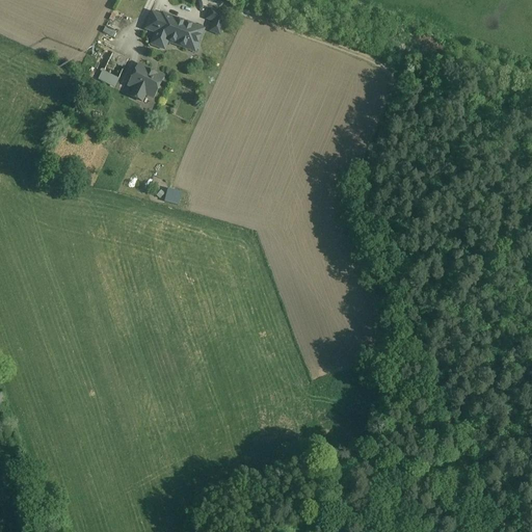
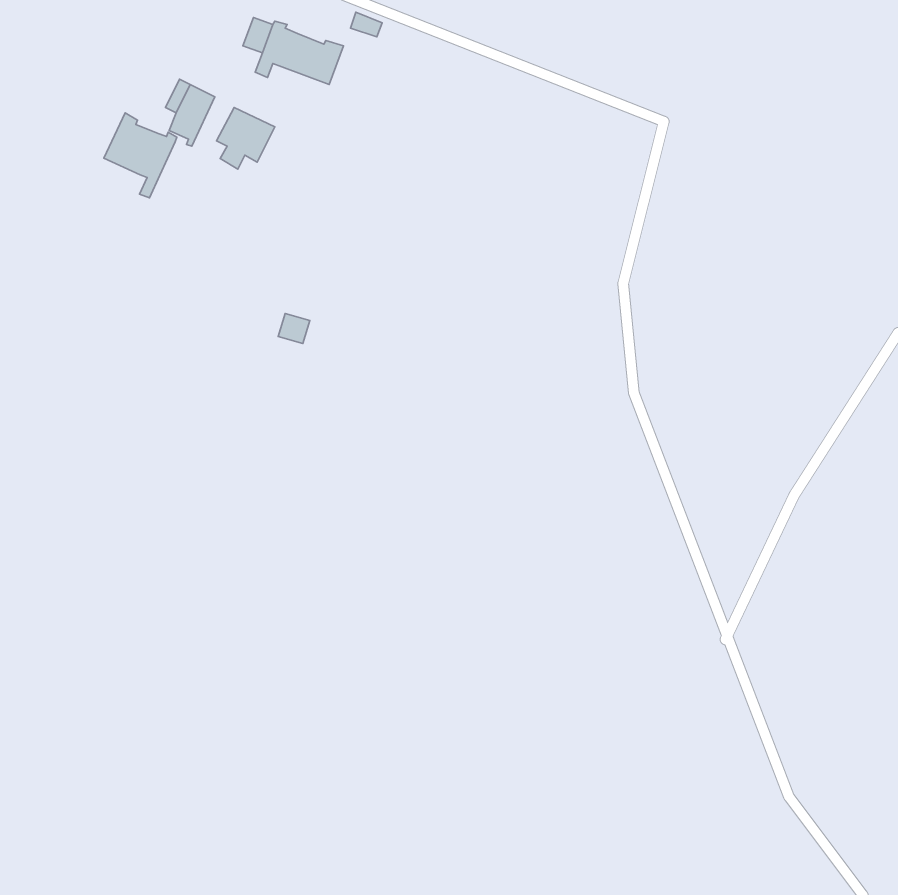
building: none -> [104,113,177,198]

